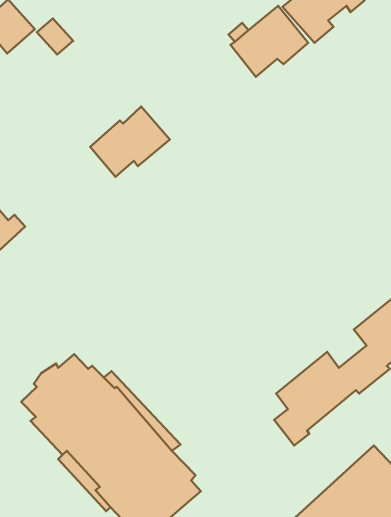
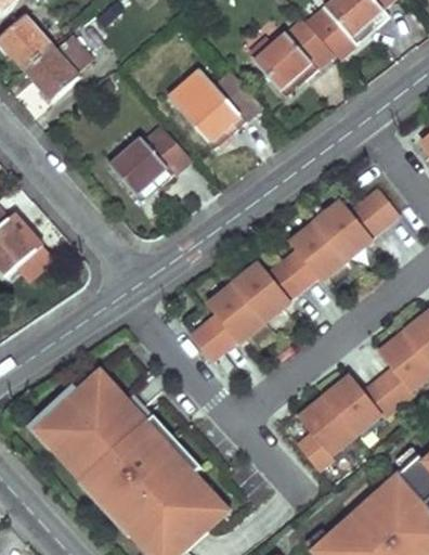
building: none -> [25,46,79,98]
building: none -> [161,64,262,144]
building: none -> [190,188,398,361]

